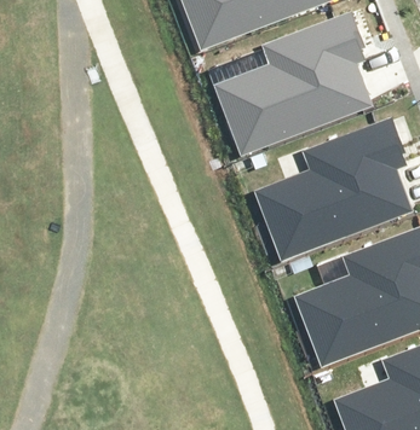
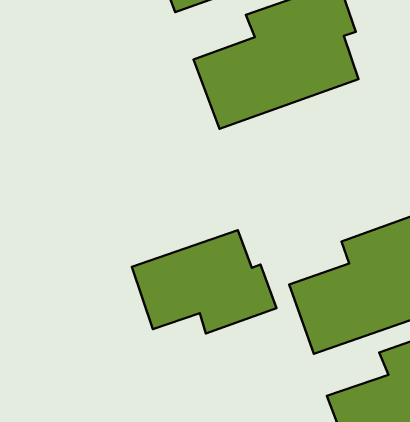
building: [255,123,407,258] -> none
building: none -> [132,230,277,333]

